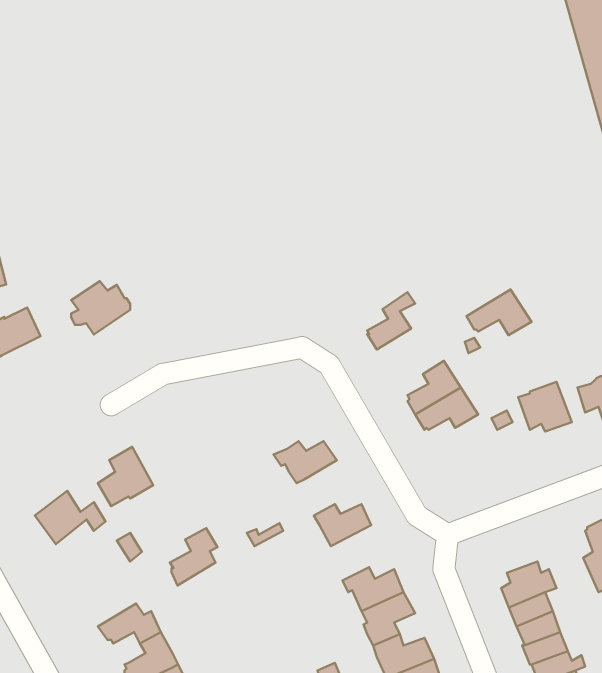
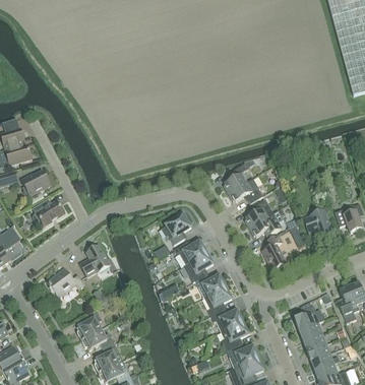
building: [71,281,130,335] -> [33,198,64,227]
building: [467,289,532,335] -> [229,179,263,203]
building: none -> [162,213,191,245]
building: none -> [262,235,287,270]
building: none -> [186,252,214,282]
building: none -> [204,286,232,316]
building: [170,528,218,585] -> [76,310,102,340]

